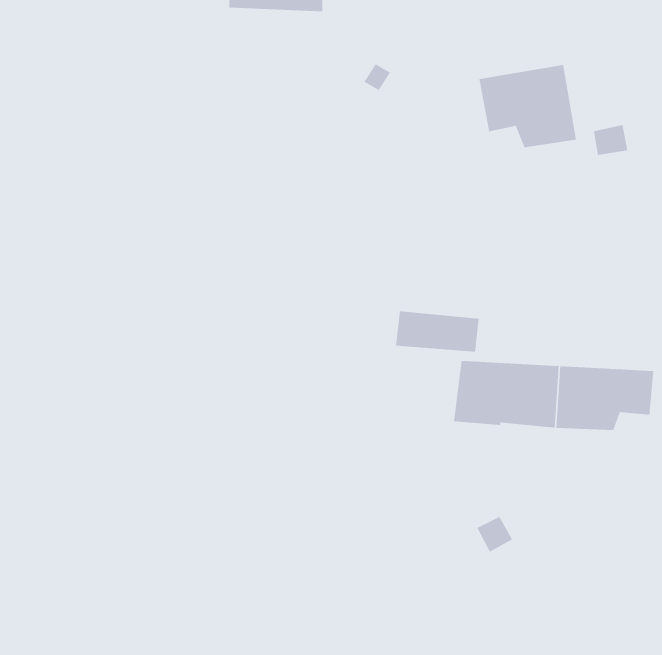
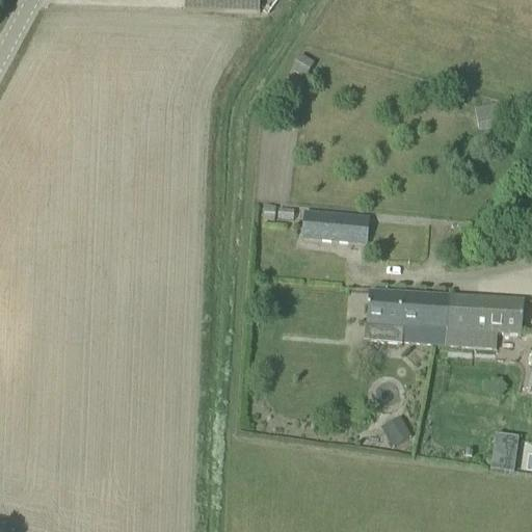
building: [479,64,577,148] -> none
building: [395,311,480,352] -> [302,209,370,242]
building: none -> [489,430,520,469]

